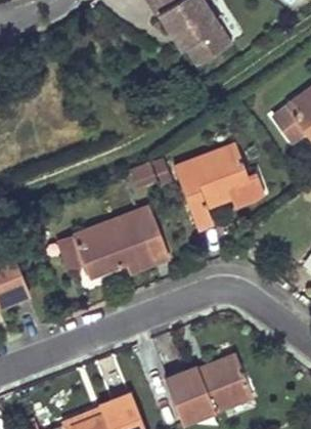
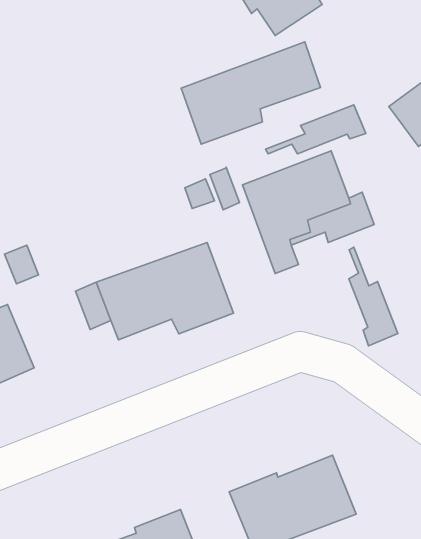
building: none -> [181,42,320,144]
building: none -> [265,105,366,154]
building: none -> [349,247,398,346]

